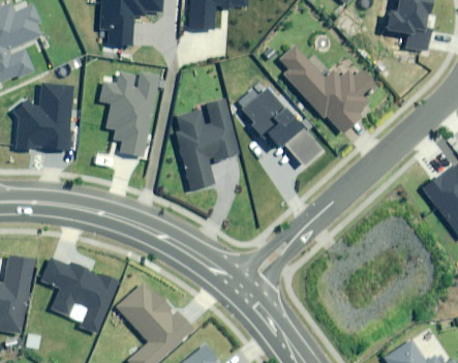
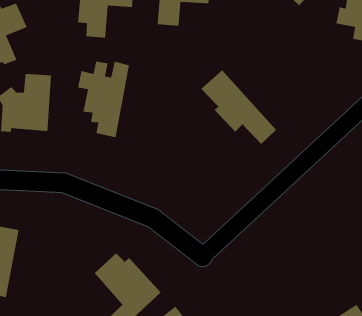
building: [280,48,372,133] -> none
building: [177,100,238,190] -> none
building: [41,259,118,334] -> none

